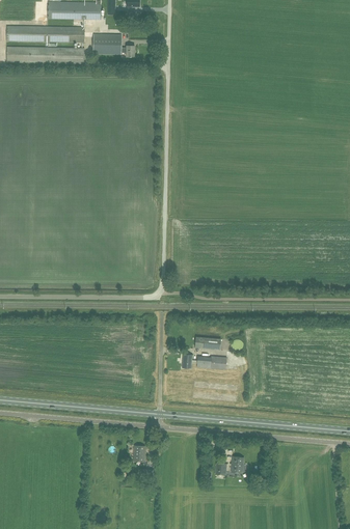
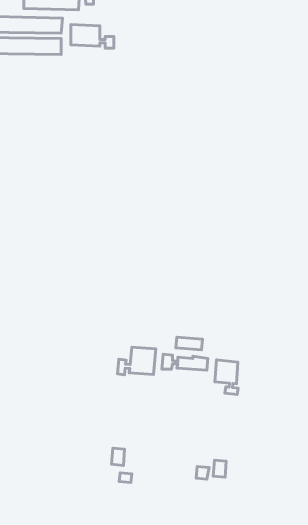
building: none -> [118,347,156,375]
building: none -> [215,360,238,395]

